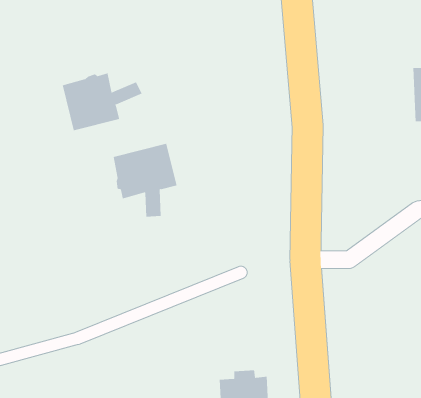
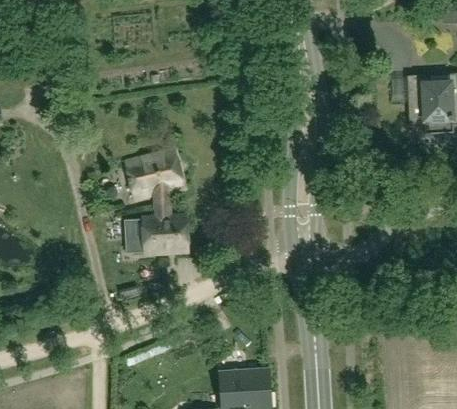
building: [62,73,143,131] -> none
building: none -> [124,216,188,253]

